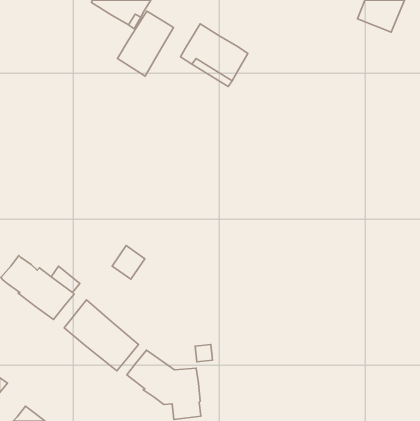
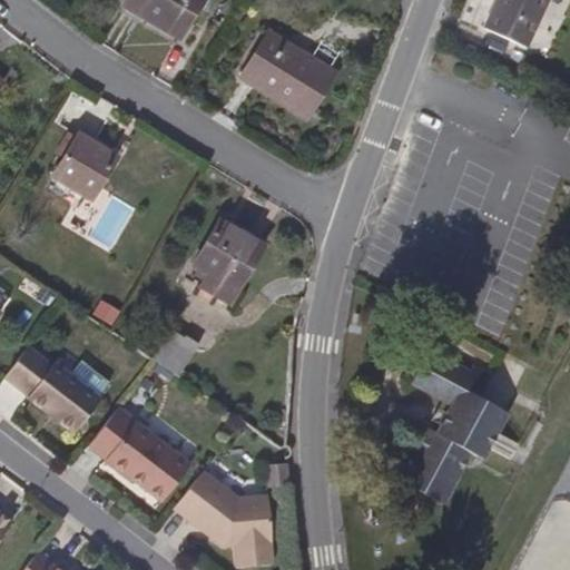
building: [117,11,174,76] -> none
building: none -> [57,136,120,199]
building: none -> [196,225,265,294]
building: none -> [410,344,521,493]

